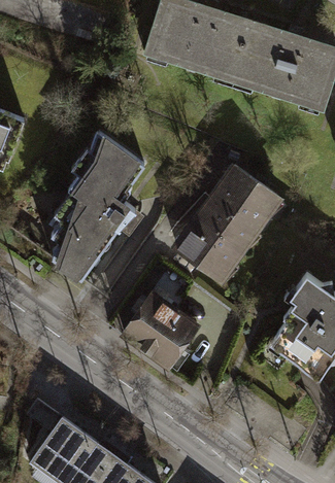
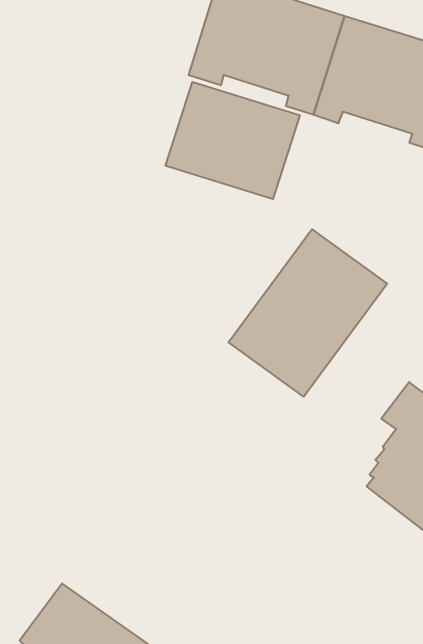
building: none -> [166,82,300,199]
building: [48,128,143,279] -> none
building: [121,287,202,367] -> none

